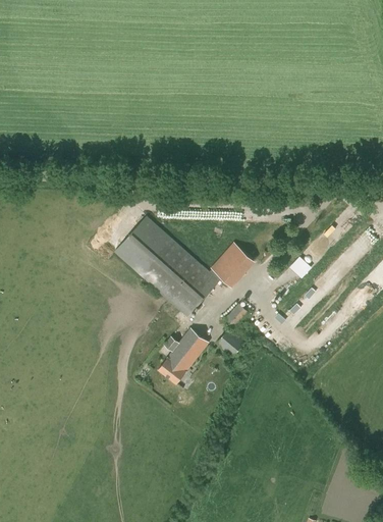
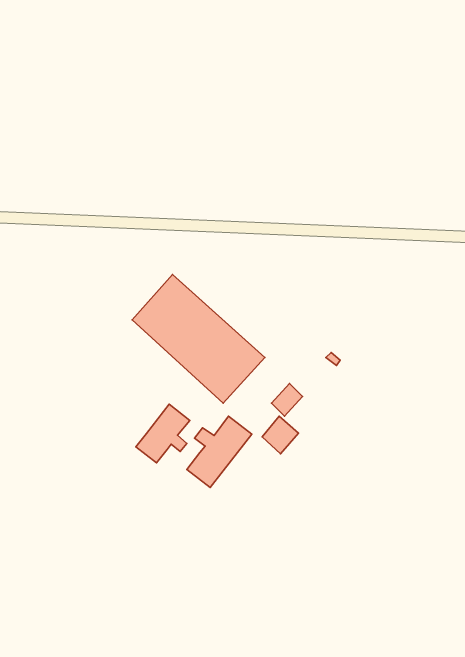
building: [211,242,254,285] -> none
building: none -> [136,404,190,463]

